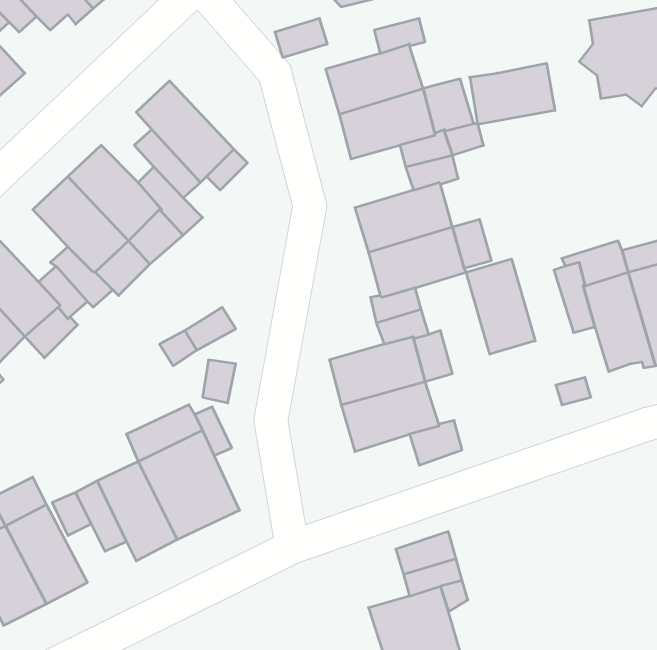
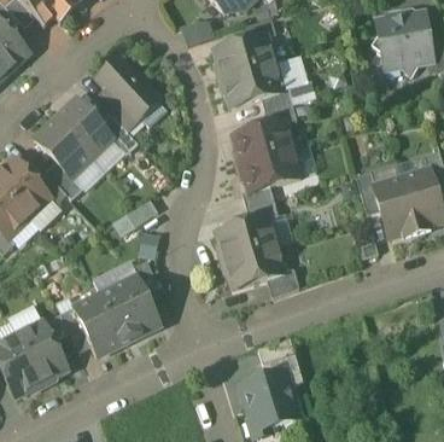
building: [470,63,555,124] -> none
building: [466,259,535,354] -> none

